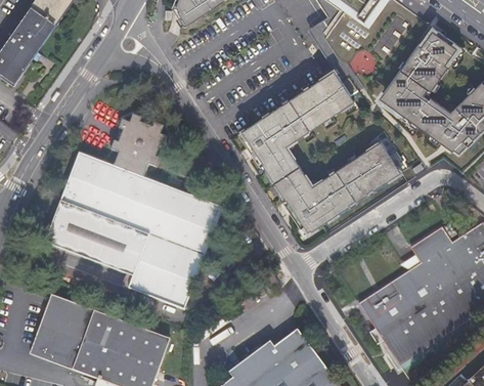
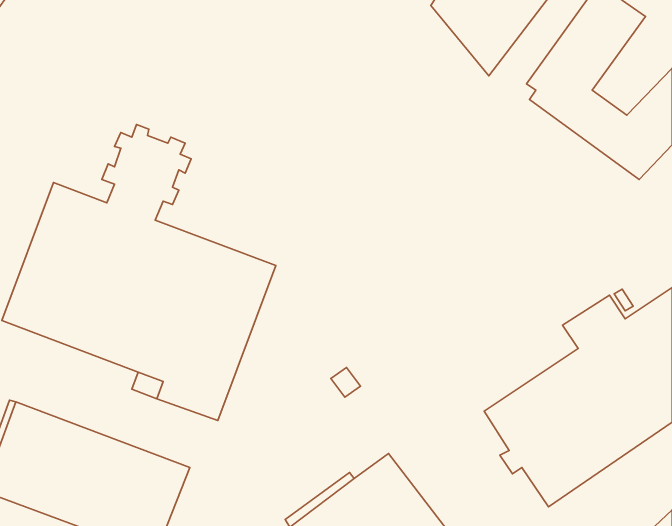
building: [237,69,398,233] -> none

